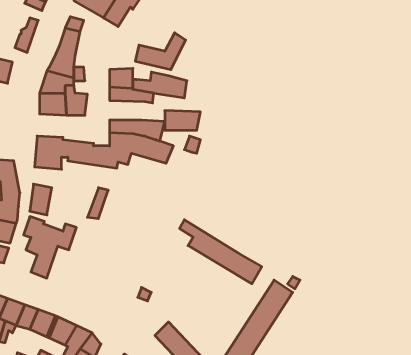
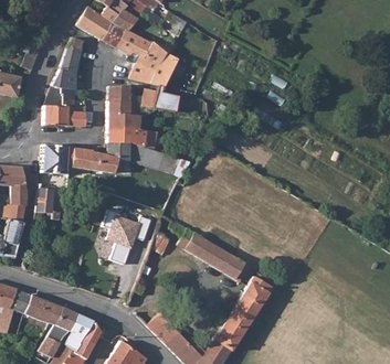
building: none -> [130,36,166,68]
building: [165,111,200,130] -> [107,113,139,130]
building: [24,217,76,278] -> [102,208,149,264]

